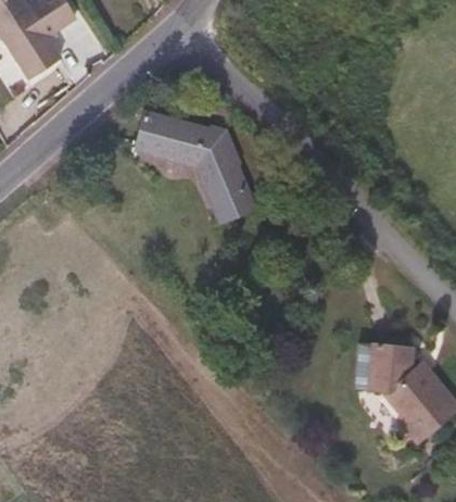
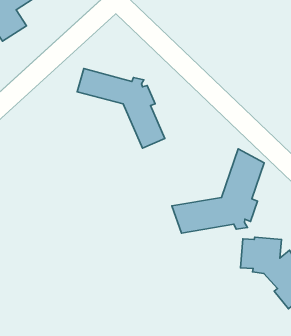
building: none -> [172,149,264,233]

